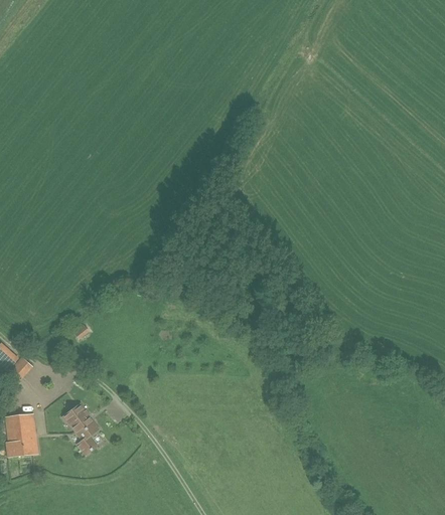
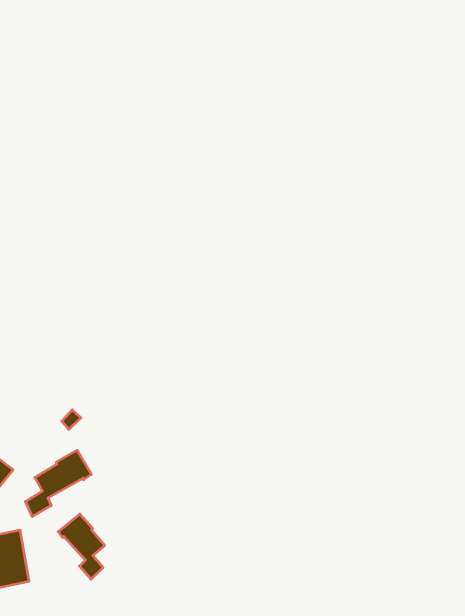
building: none -> [25,450,91,517]

